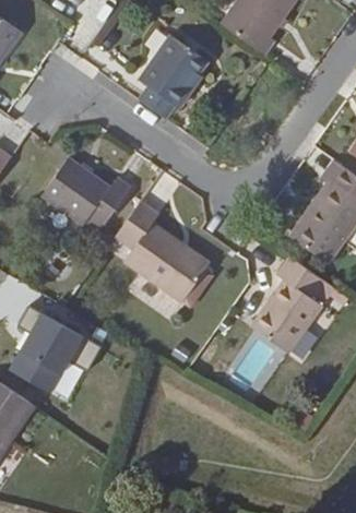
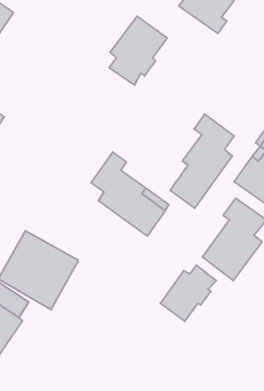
building: none -> [170,114,234,208]
building: [40,157,132,234] -> none
building: none -> [160,265,216,321]

